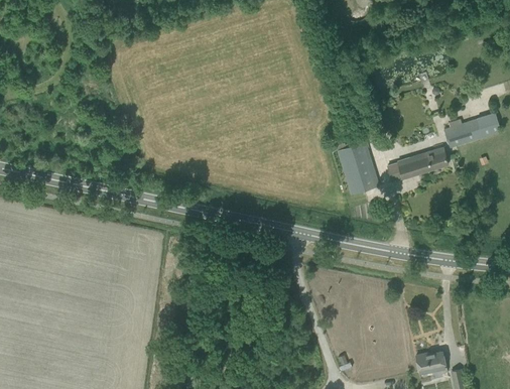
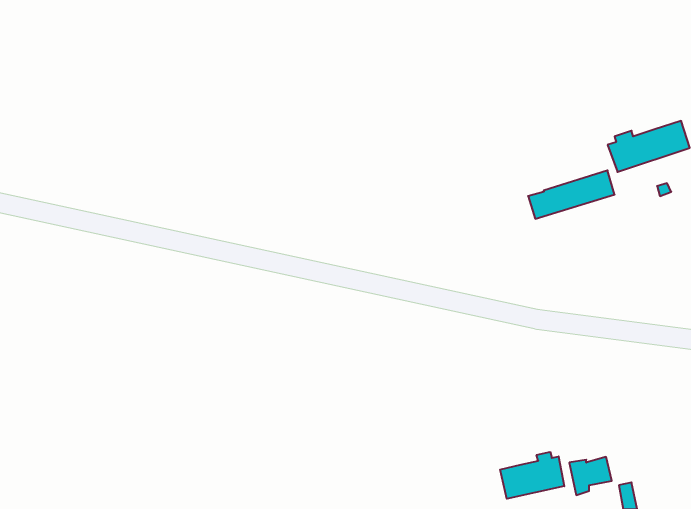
building: [336,136,378,193] -> none
building: none -> [500,452,564,499]

